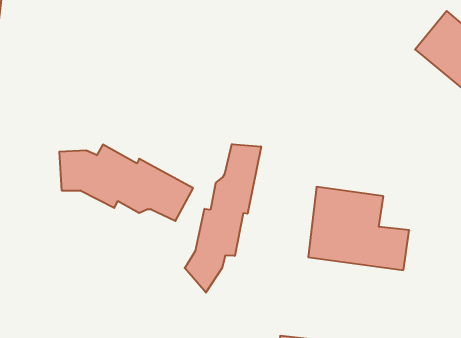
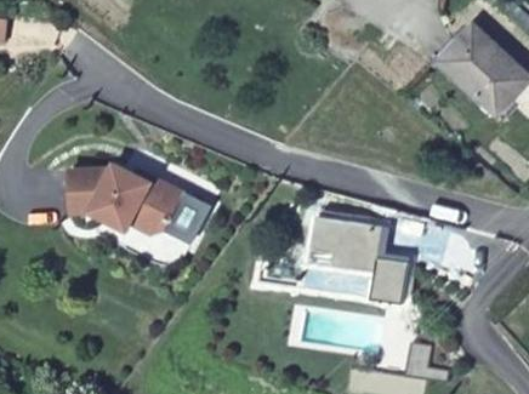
building: [185,144,261,293] -> none

